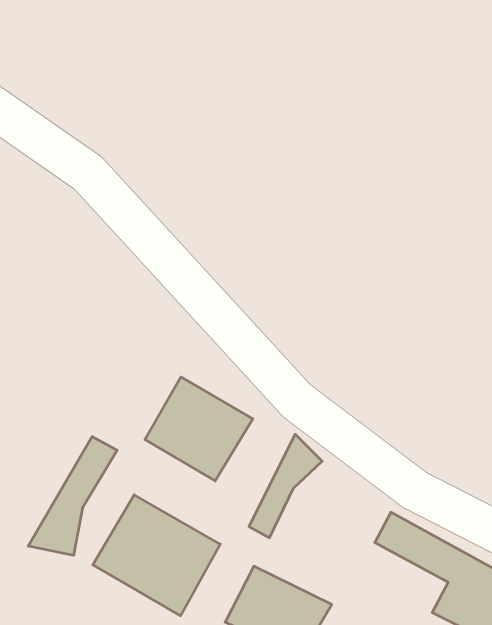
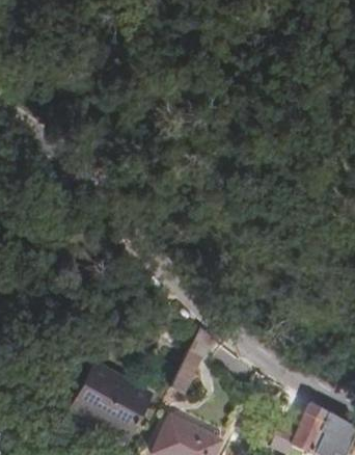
building: [145,377,253,481] -> none
building: [28,437,117,555] -> none

